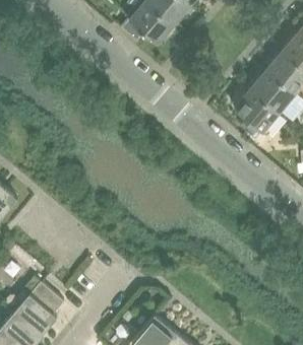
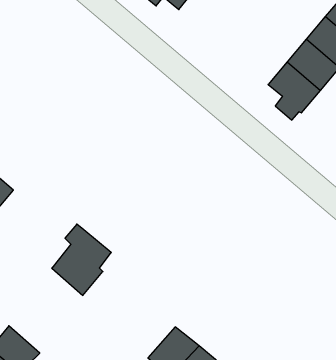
building: [12,275,63,336] -> [52,224,111,295]

